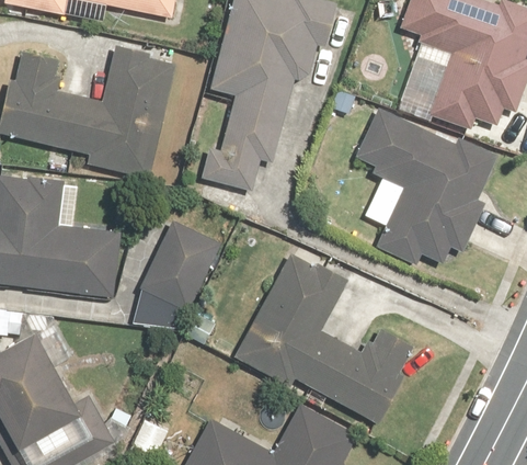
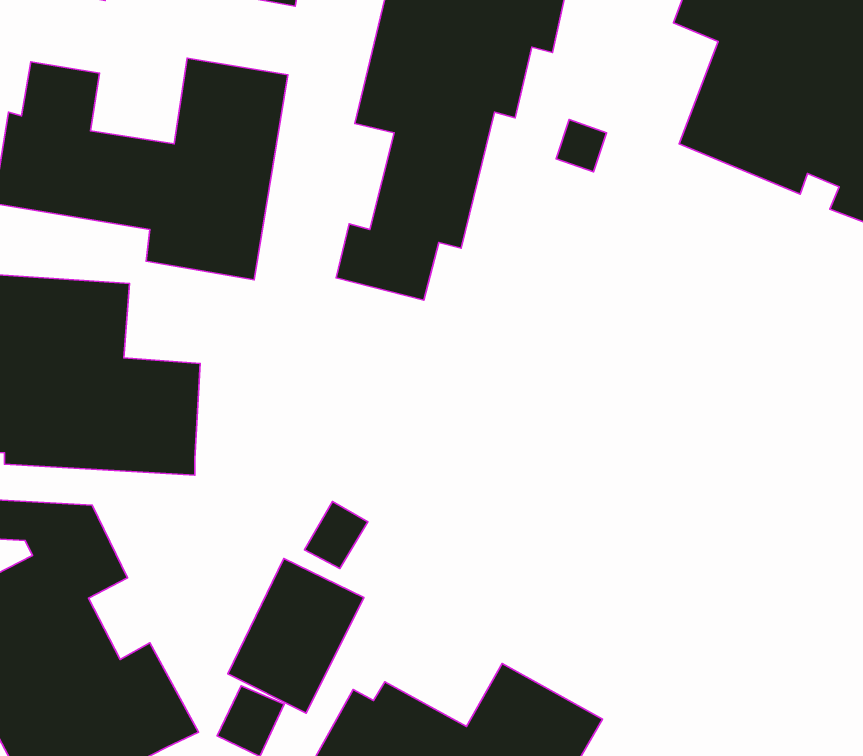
building: [354,107,499,263] -> none
building: [140,220,220,311] -> [228,558,364,713]
building: [232,249,412,429] -> none

